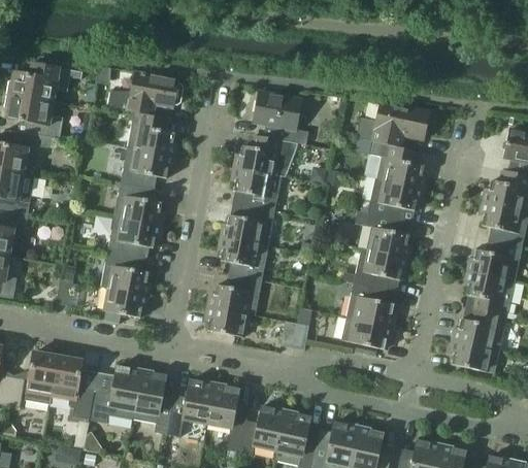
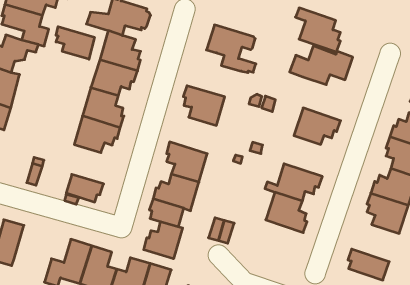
building: none -> [56,27,94,59]
building: [234,135,297,176] -> none
building: [368,141,425,189] -> [295,8,340,52]
building: [221,204,274,245] -> none
building: [360,212,409,258] -> none
building: [100,252,150,295] -> none
building: [452,308,506,350] -> none
building: [340,316,392,348] -> none
building: none -> [144,222,183,259]
building: [51,355,93,419] -> none

